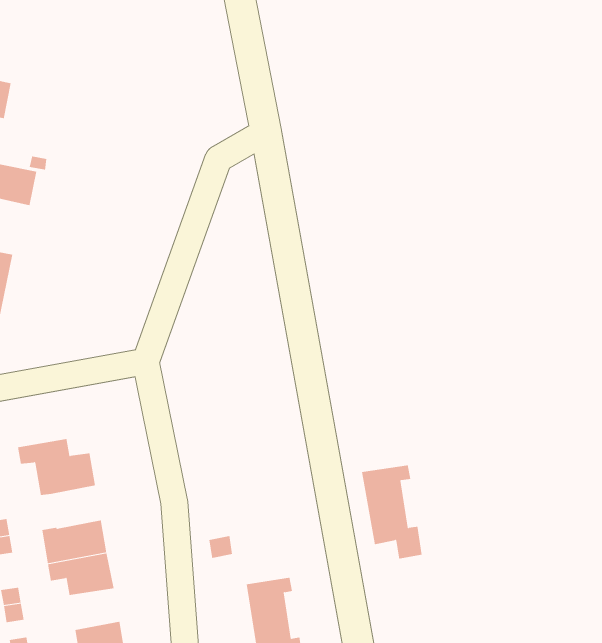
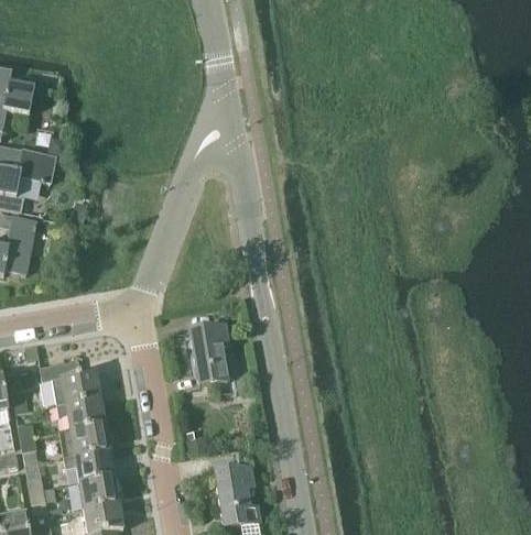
building: [361,465,423,559] -> [189,325,237,397]
building: none -> [56,397,105,430]
building: none -> [79,477,119,509]

